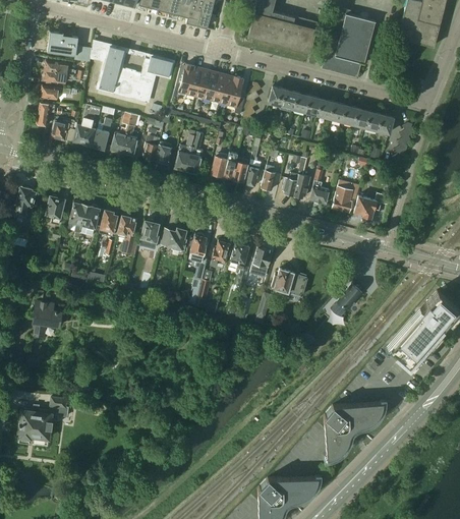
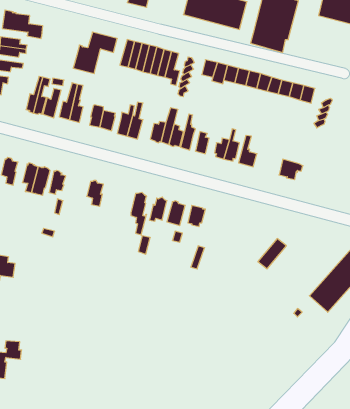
building: [92,43,133,96] -> none
building: [52,119,75,141] -> none
building: [332,186,353,213] -> none
building: [117,214,137,255] -> none
building: [162,229,187,250] -> none
building: [272,269,307,297] -> none
building: [324,401,383,459] -> none

